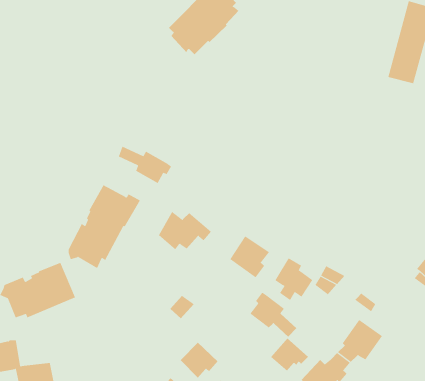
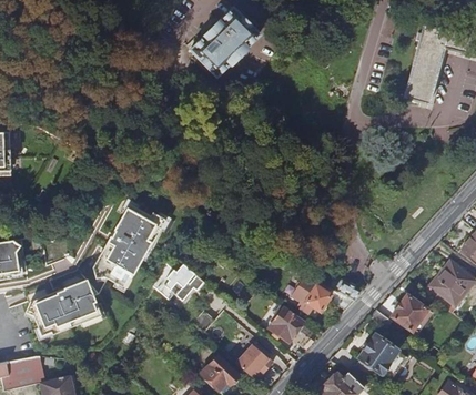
building: [118,146,172,184] -> none
building: [158,211,212,250] -> [151,262,203,300]
building: [229,236,270,278] -> none
building: none -> [392,291,428,328]
building: [270,337,309,372] -> [235,344,273,377]

